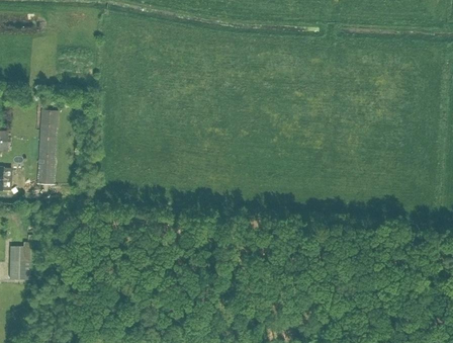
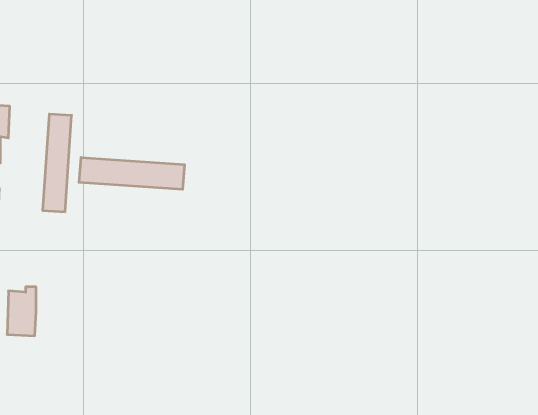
building: none -> [79,157,184,189]

